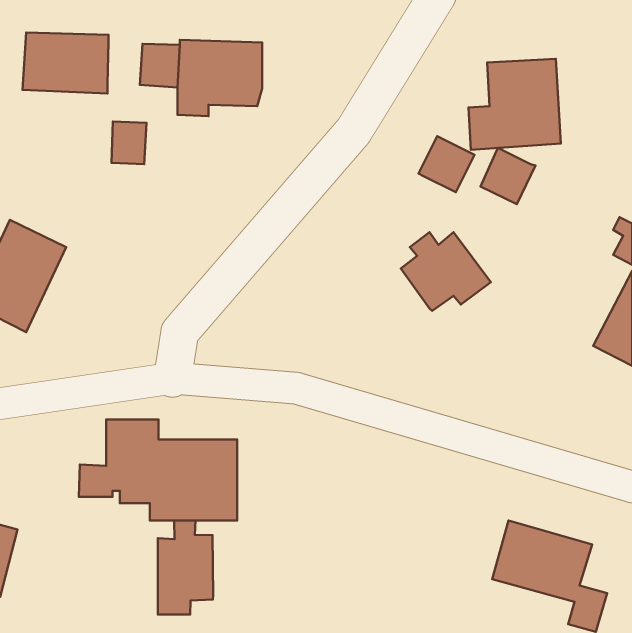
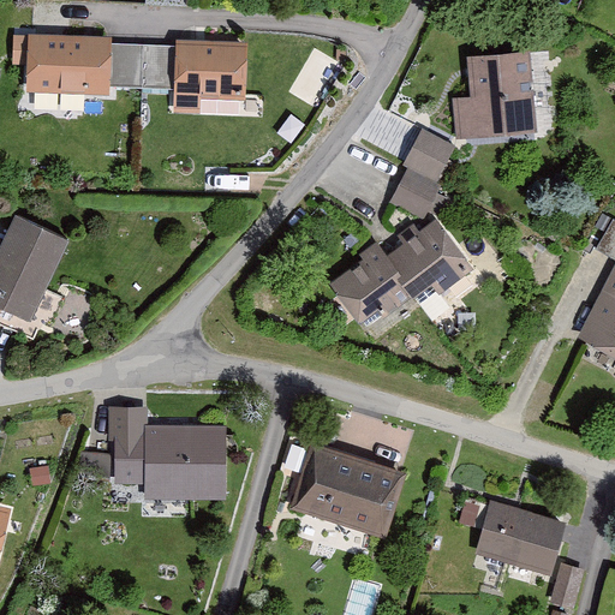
building: [112,122,147,164] -> [103,41,137,82]
building: [480,148,535,204] -> [390,169,443,223]
building: none -> [332,246,413,333]
building: none -> [289,442,408,542]
building: [158,521,213,615] -> none

